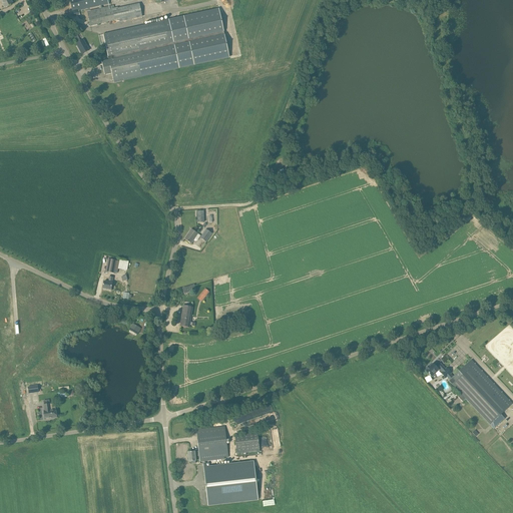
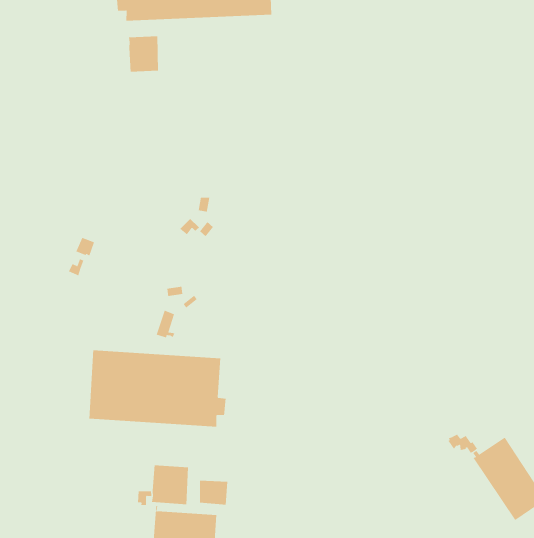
building: none -> [128,35,159,73]
building: none -> [89,350,226,427]

